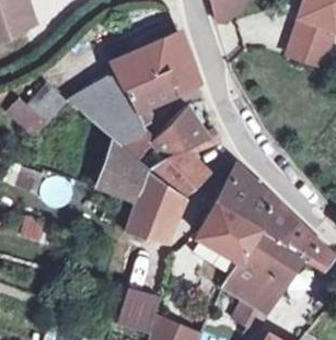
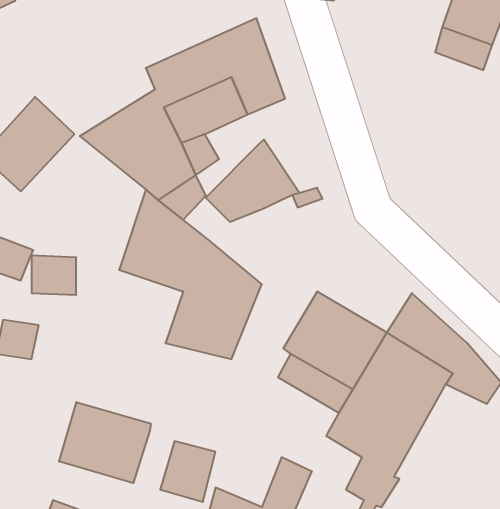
building: [151,150,208,196] -> none
building: [218,166,276,225] -> none
building: none -> [59,402,151,483]

